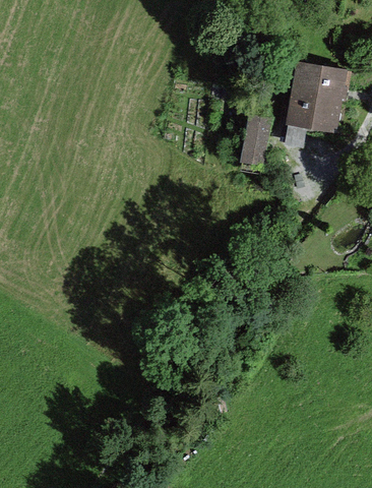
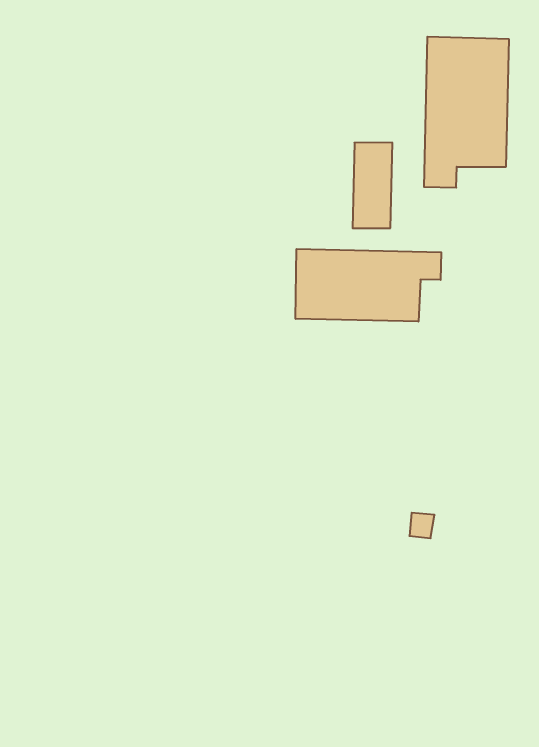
building: none -> [296,249,441,322]

